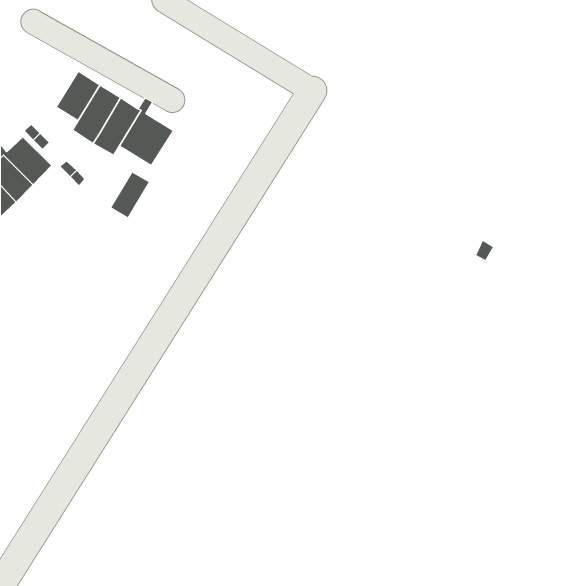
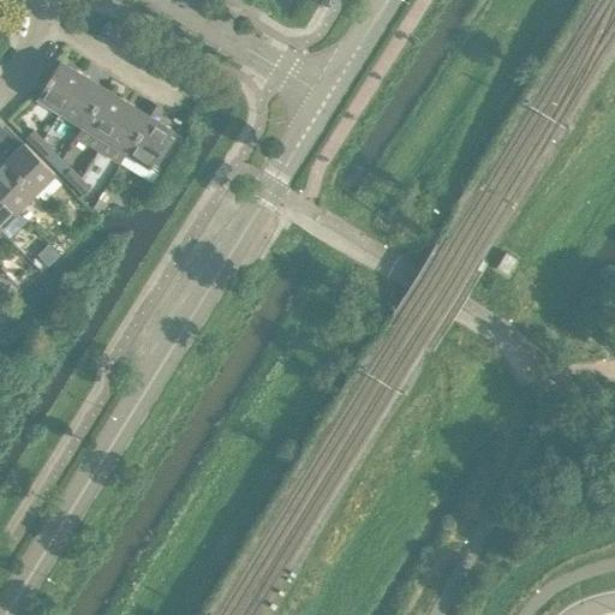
building: none -> [36,61,82,113]
building: [110,172,150,218] -> none

